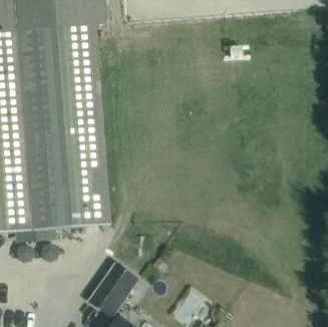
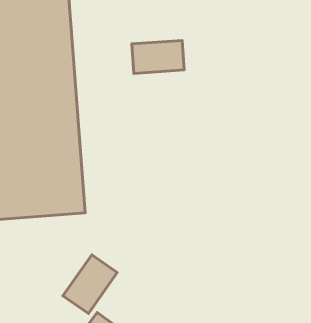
building: none -> [132,41,184,73]

